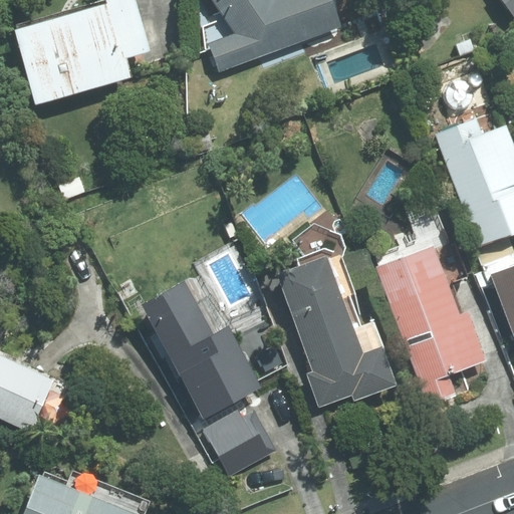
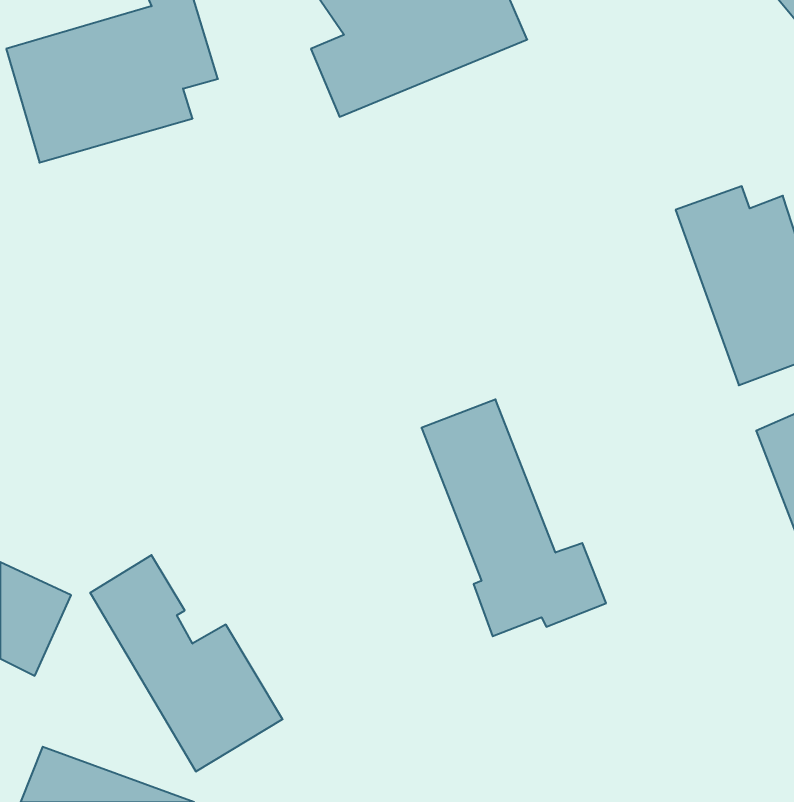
building: [376,236,486,403] -> none
building: [137,279,259,417] -> [90,555,283,771]
building: [206,409,279,476] -> none

